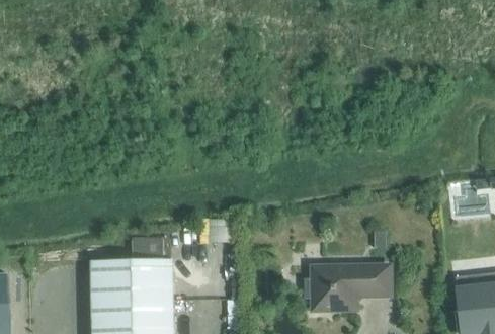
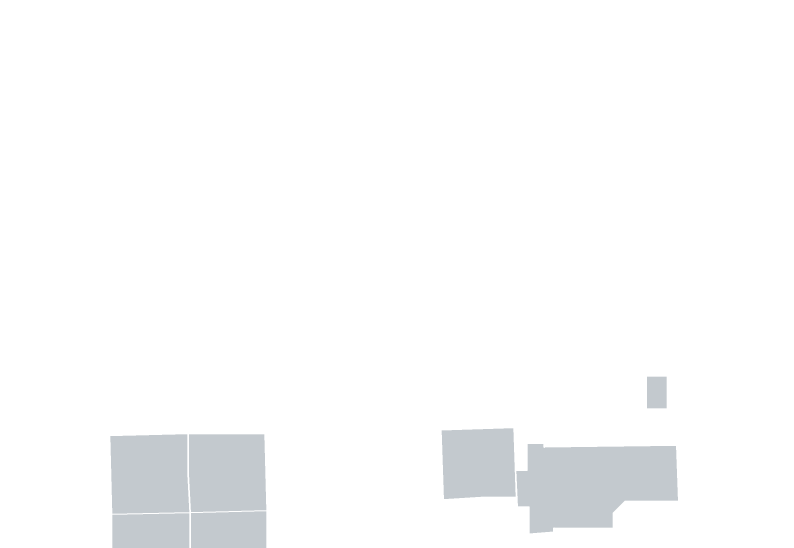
building: [133,238,164,260] -> none
building: none -> [441,427,516,500]

